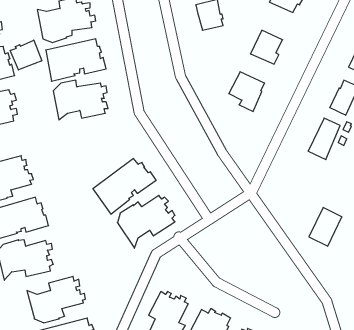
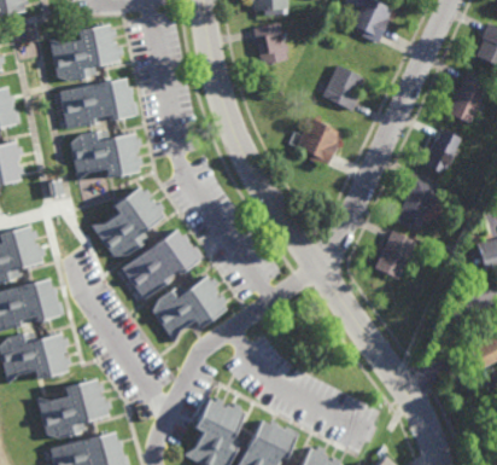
building: [10,40,42,70] -> none
building: none -> [90,186,163,255]
building: [309,208,342,246] -> [374,229,416,279]

